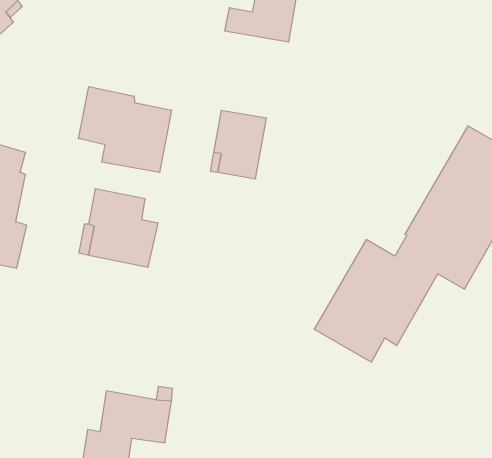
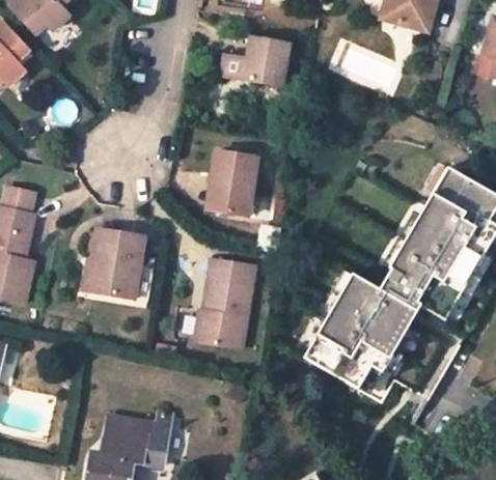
building: [78,87,172,172] -> none
building: none -> [197,258,254,348]

